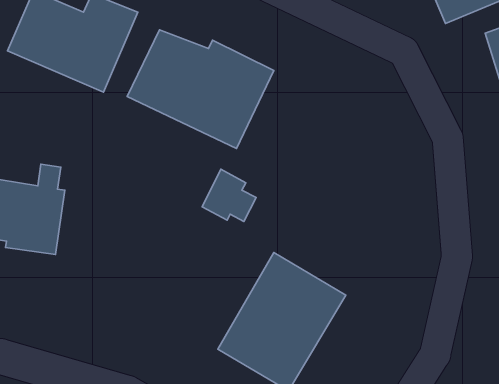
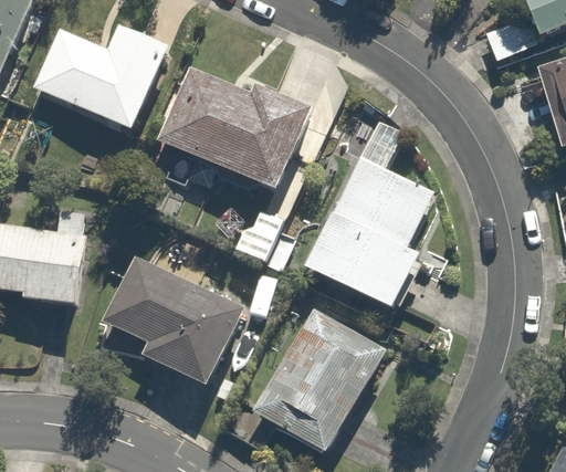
building: none -> [303,115,439,313]
building: none -> [99,254,251,387]

